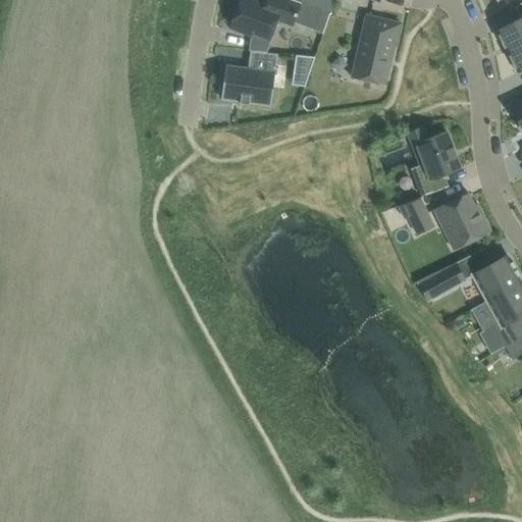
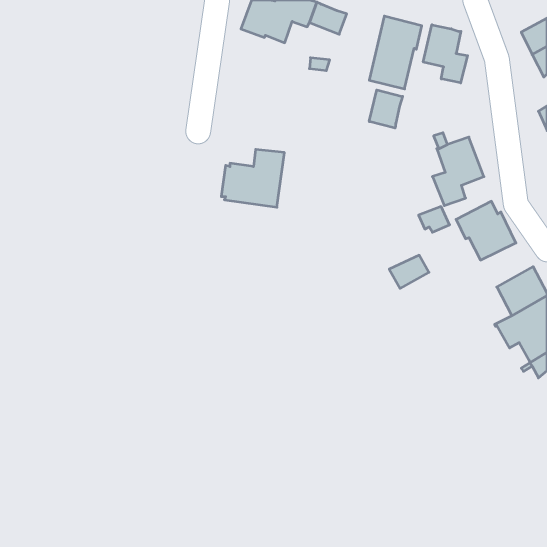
building: none -> [423,25,468,83]
building: [218,51,278,106] -> [221,149,284,207]
building: none -> [369,90,403,128]
building: [428,262,466,294] -> [389,255,429,288]

